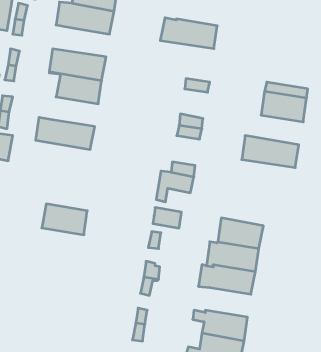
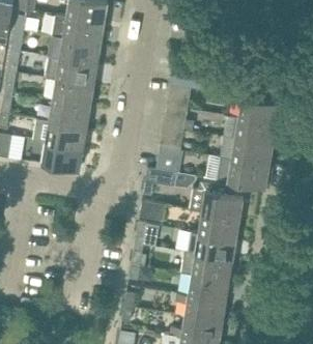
building: [160,18,217,49] -> [49,37,101,65]
building: none -> [49,102,90,128]
building: none -> [224,117,277,145]
building: none -> [217,159,273,190]
building: none -> [190,182,244,219]
building: [42,204,87,235] -> [41,143,83,171]
building: none -> [188,275,229,302]

